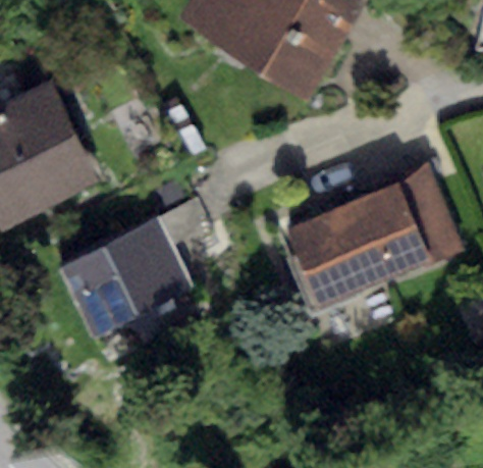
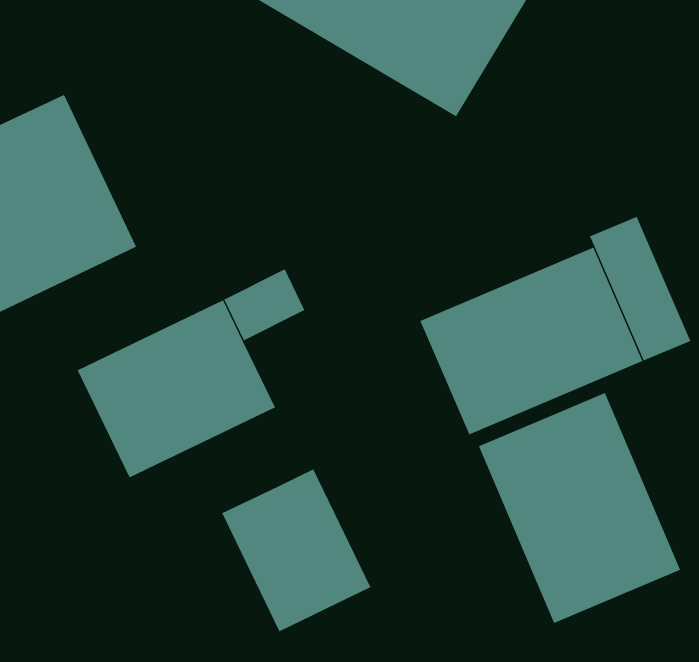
building: none -> [478,392,681,624]
building: none -> [221,468,371,632]

